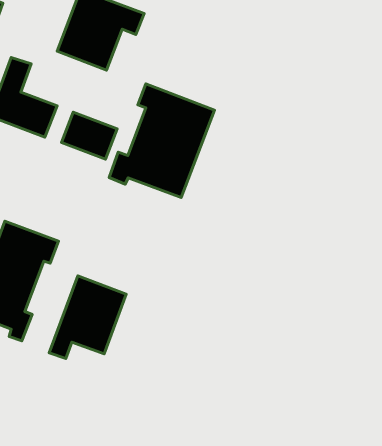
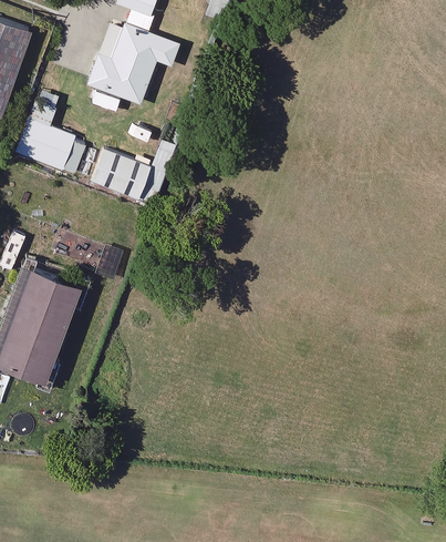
building: [109,84,214,197] -> none
building: [49,276,126,359] -> none

